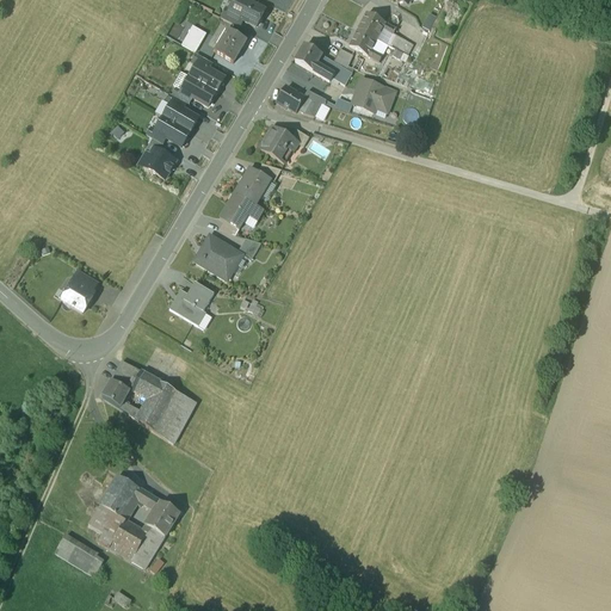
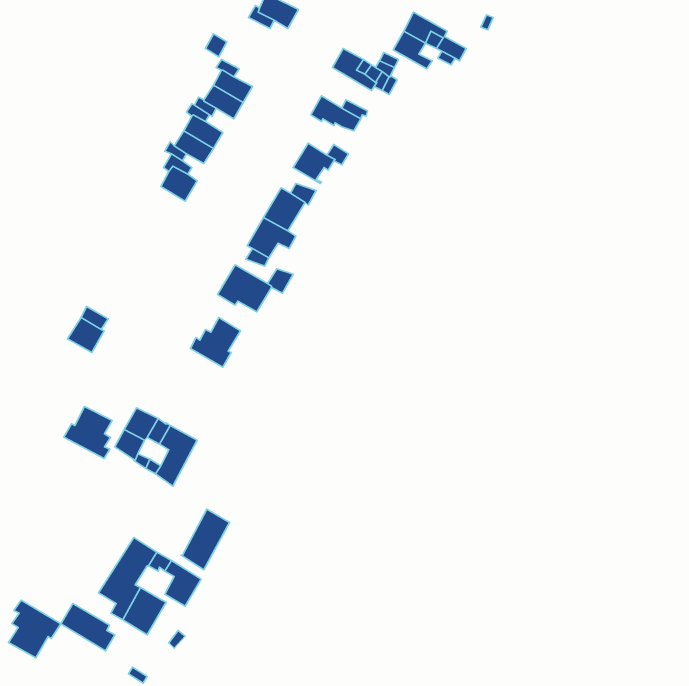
building: [215,27,246,61] -> none
building: [352,78,395,111] -> none
building: none -> [64,407,112,458]
building: [153,389,196,443] -> [181,509,230,570]
building: [131,525,165,568] -> none
building: none -> [8,600,61,658]

